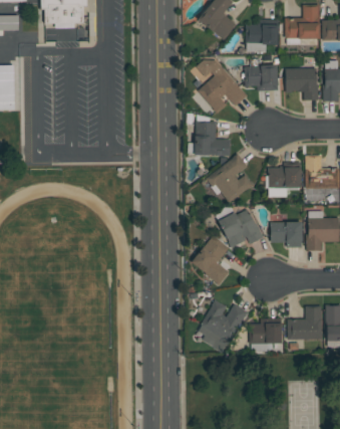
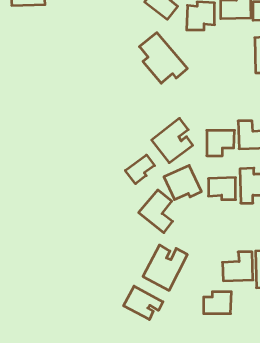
building: [245,65,278,90] -> none
building: [285,68,317,100] -> none
building: [195,123,230,156] -> none
building: none -> [125,155,155,184]
building: [250,318,282,344] -> [204,292,231,314]
building: none -> [124,286,163,320]

